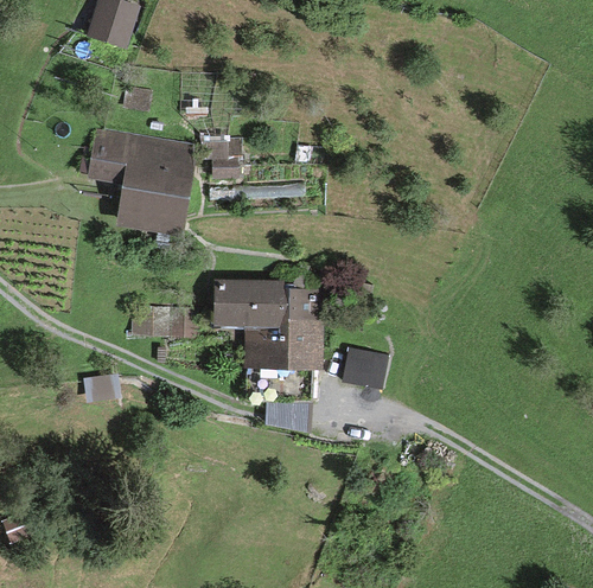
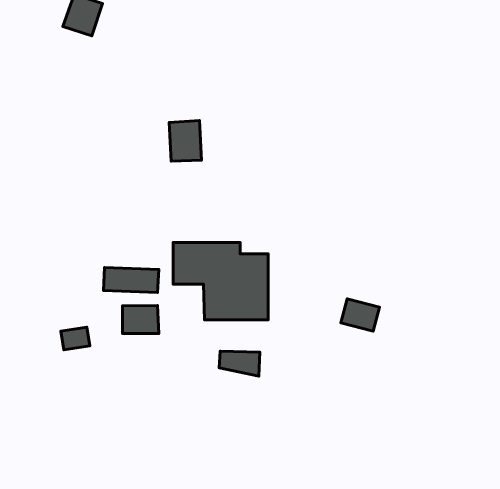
building: [91,129,186,226] -> none
building: [343,350,387,386] -> [341,299,379,331]
building: none -> [123,306,159,334]

